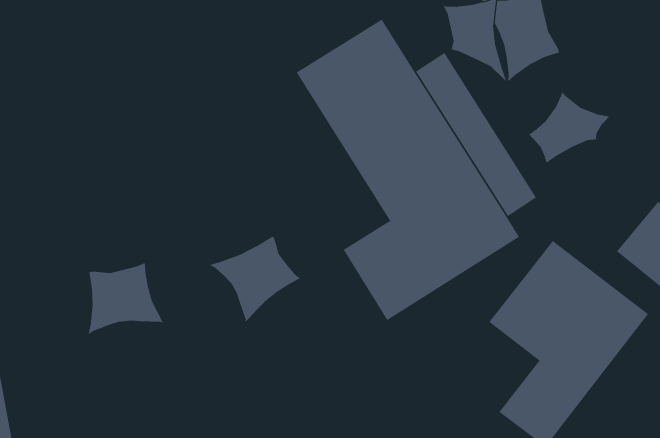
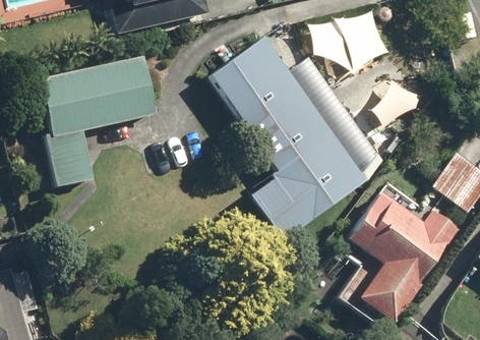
building: none -> [39,55,157,187]
building: [208,236,301,323] -> none
building: [88,262,164,336] -> none

